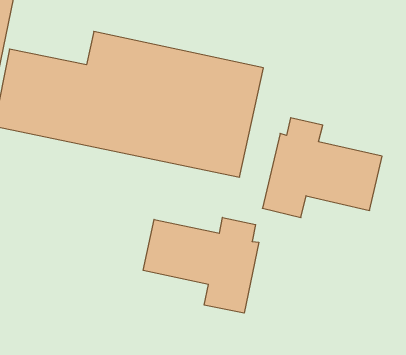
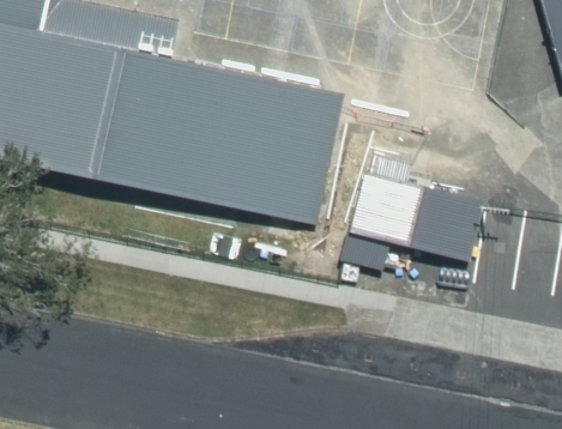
building: [143,217,259,313] -> none

